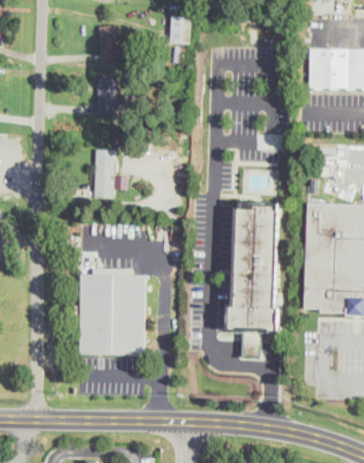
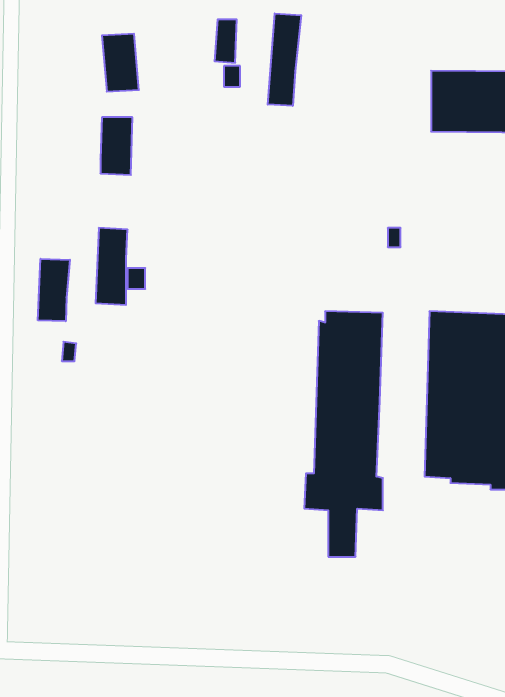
building: none -> [268,13,301,106]
building: none -> [38,259,70,321]
building: [79,268,145,353] -> none

